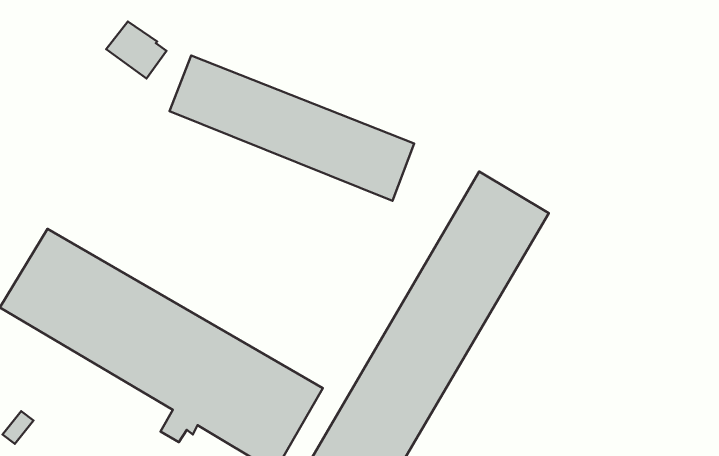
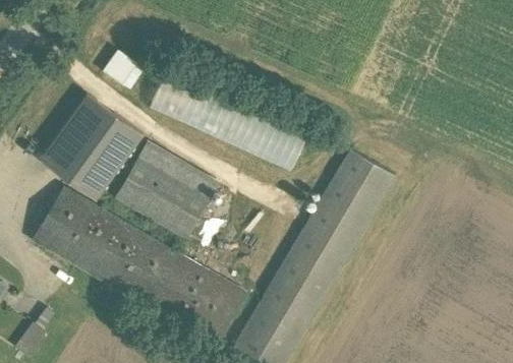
building: none -> [40,94,144,199]
building: none -> [115,139,221,239]

